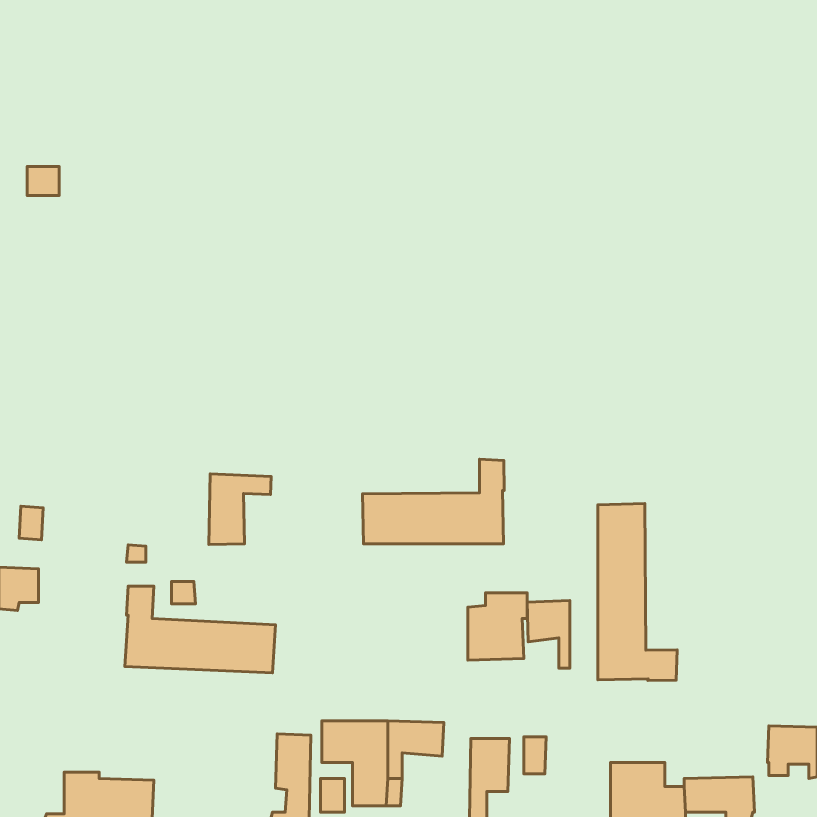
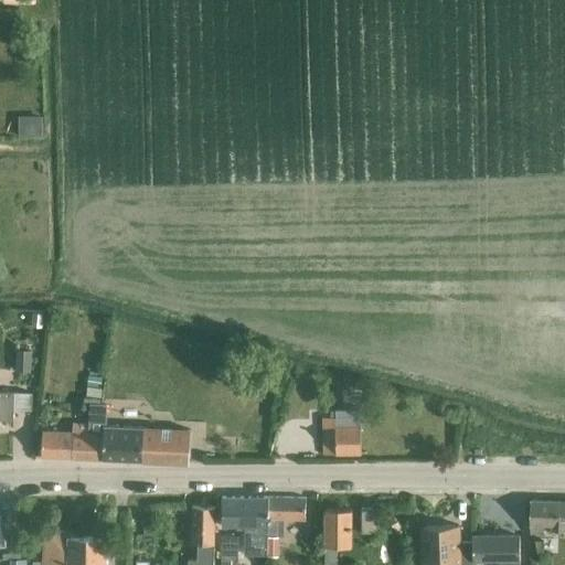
building: [363,459,504,544] -> none
building: [209,474,271,544] -> none
building: [598,503,677,681] -> none
building: [527,600,570,668] -> none
building: none -> [41,424,88,460]

